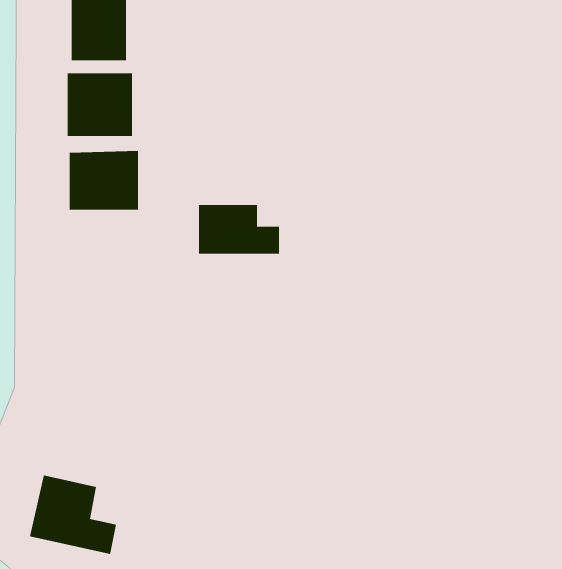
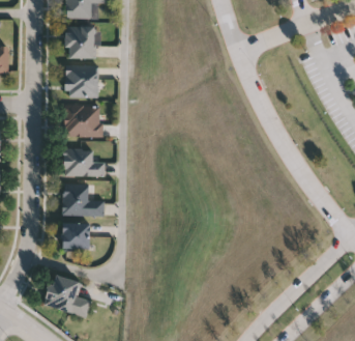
building: [198,204,280,254] -> [61,149,103,175]
building: none -> [61,183,102,216]
building: none -> [60,222,88,250]

